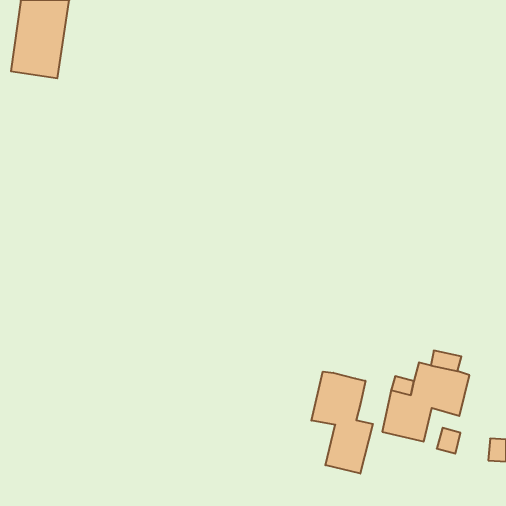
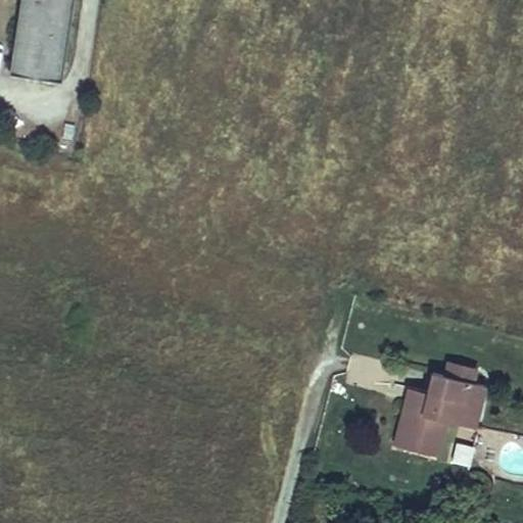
building: [311,372,373,474] -> none

